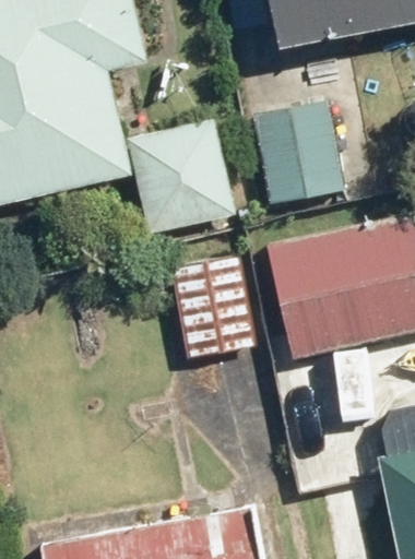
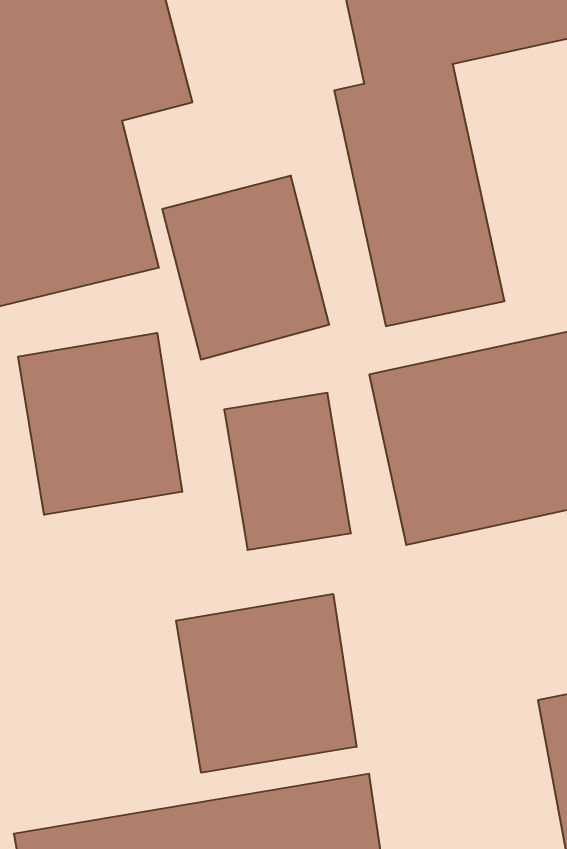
building: none -> [18,333,182,515]
building: none -> [176,594,357,773]

